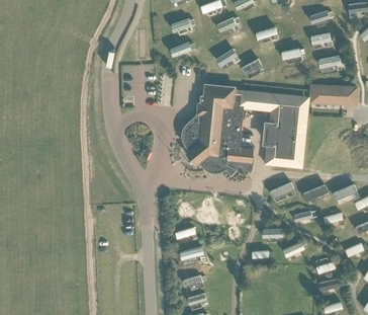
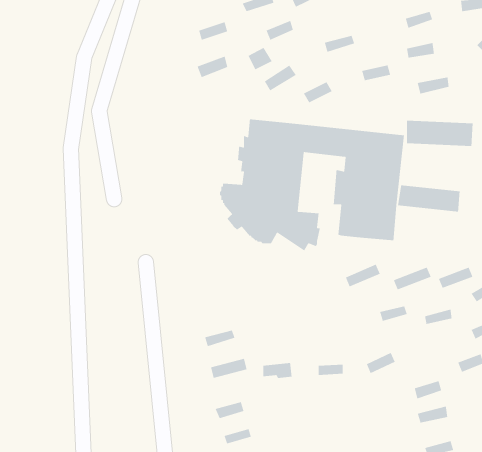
building: none -> [397,184,461,212]

